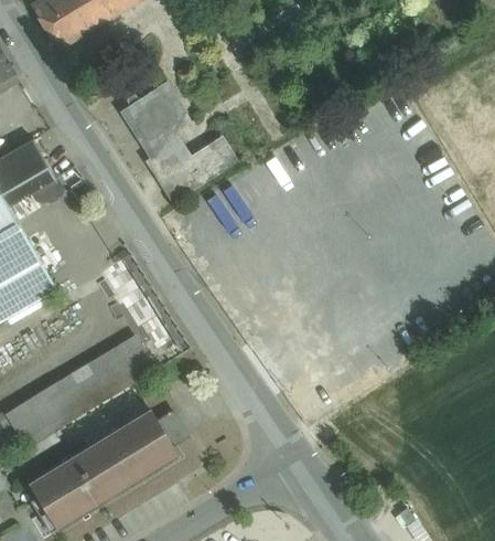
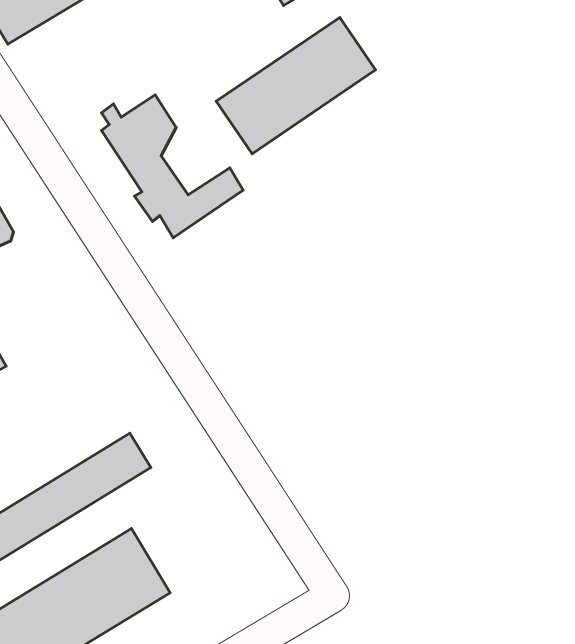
building: none -> [216,17,376,154]

